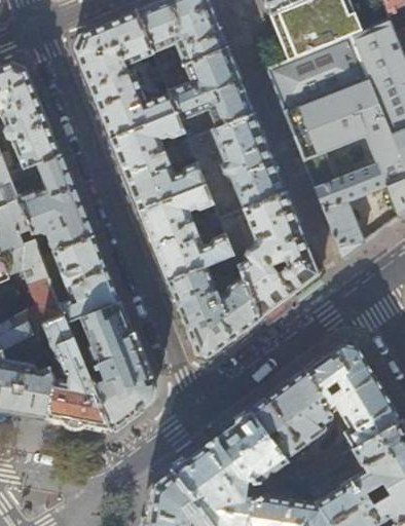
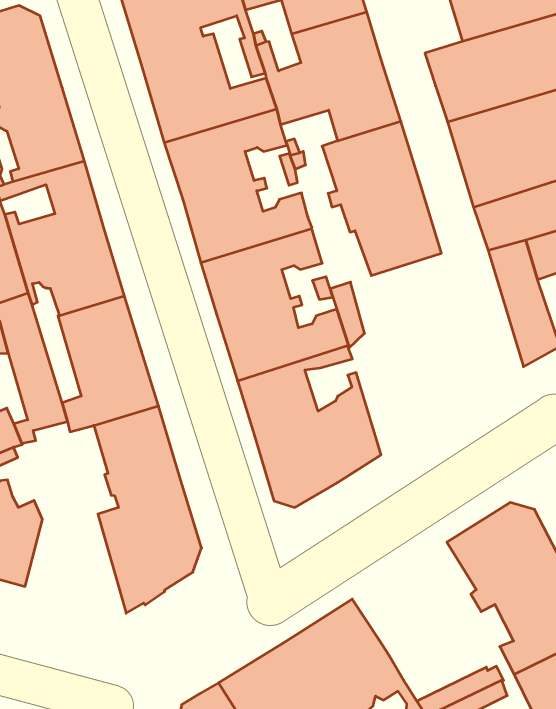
building: [238,192,322,320] -> none
building: [33,315,111,430] -> none
building: [250,370,334,457] -> none

